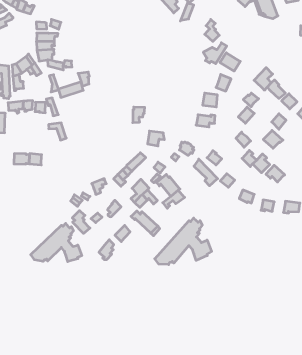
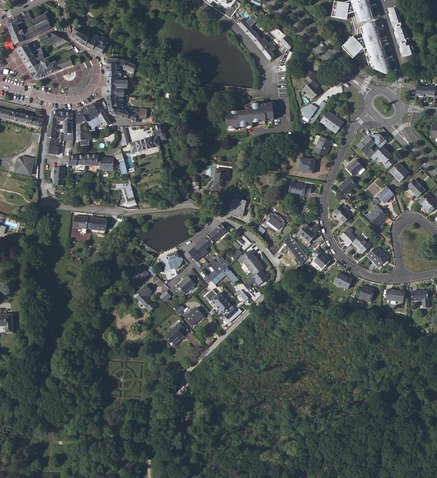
building: none -> [226,100,274,127]
building: [155,218,212,265] -> none
building: [31,223,82,262] -> none

